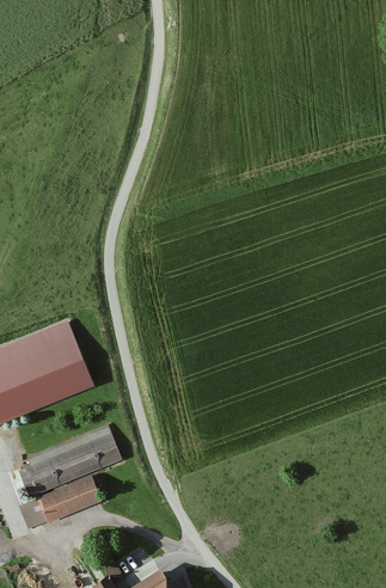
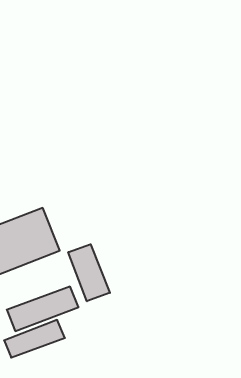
building: none -> [68,244,110,301]

